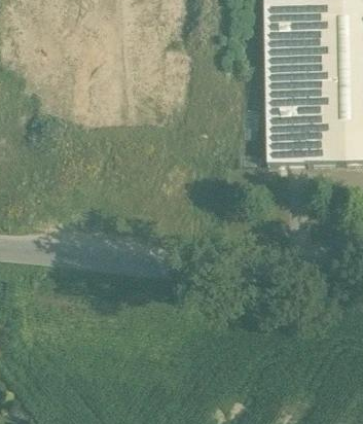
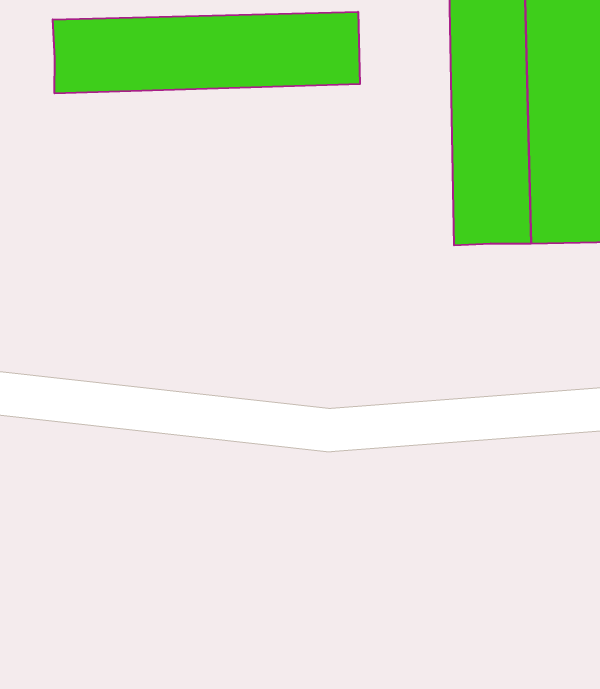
building: none -> [53,12,360,93]

